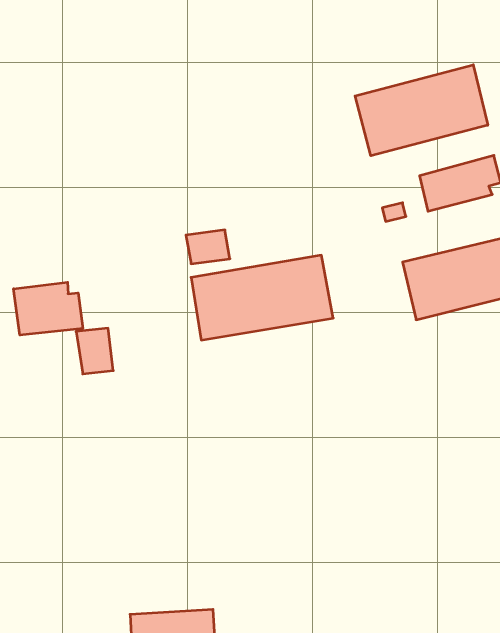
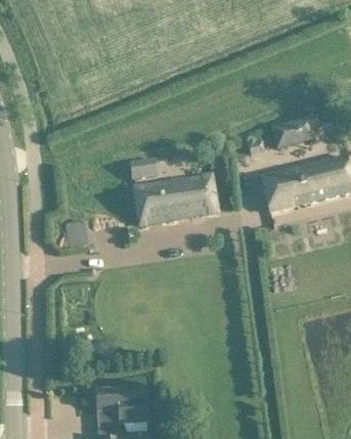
building: [355,65,488,156] -> none
building: [14,282,83,335] -> none

